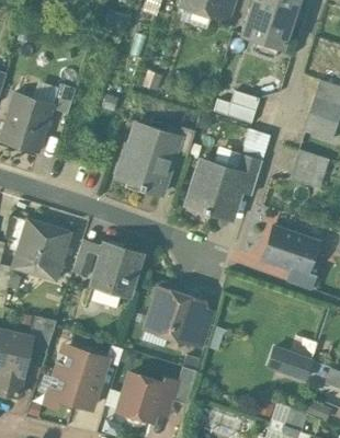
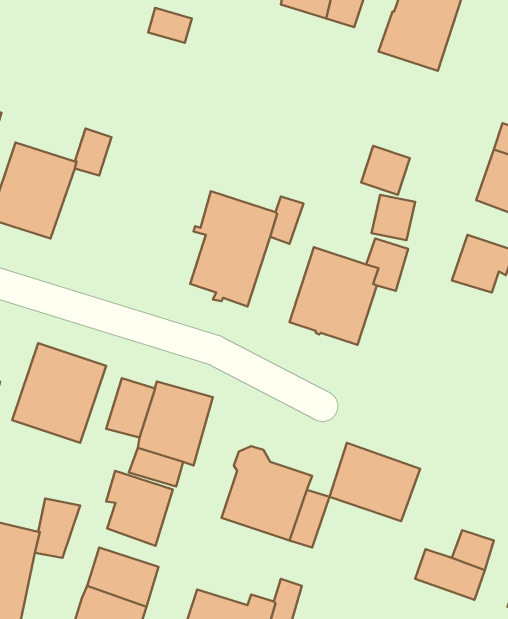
building: [262,224,319,274] -> [329,443,420,521]
building: none -> [106,471,173,546]

